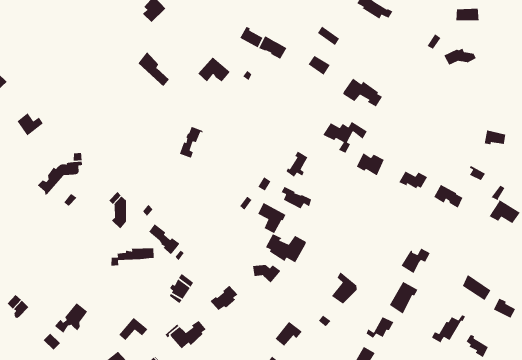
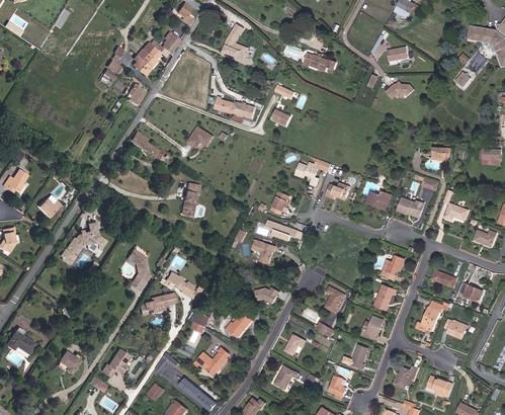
building: [342,78,383,107] -> none
building: [265,233,307,263] -> none

